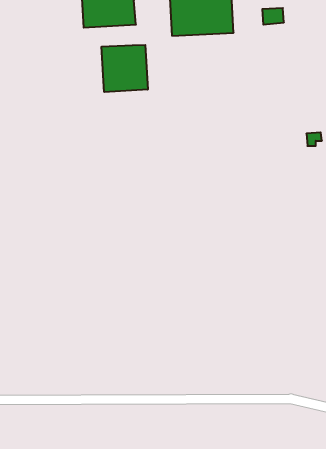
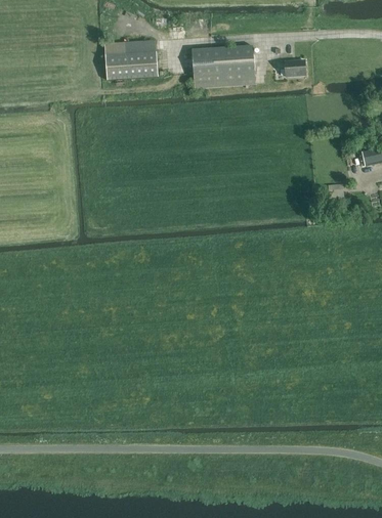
building: [102,45,148,92] -> none

